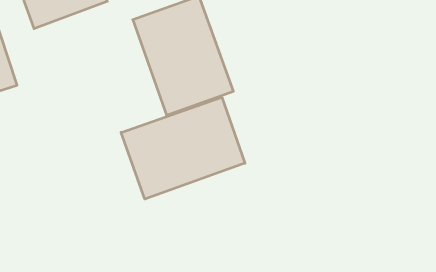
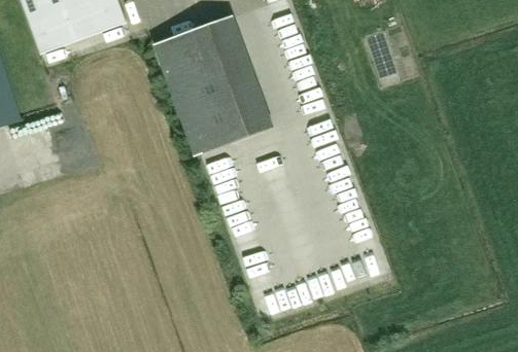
building: [121,97,245,199] -> none

